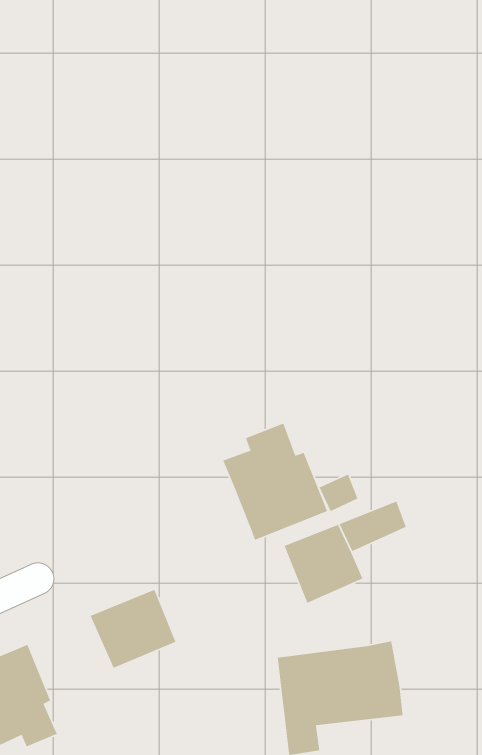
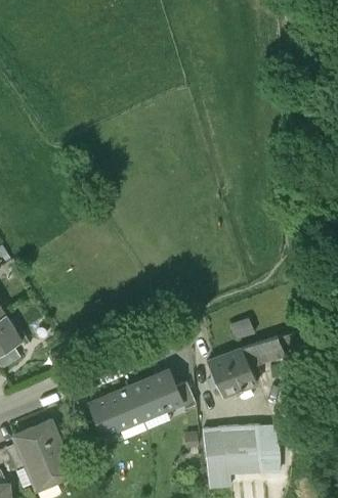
building: [222,422,328,541] -> none
building: none -> [129,370,181,419]

